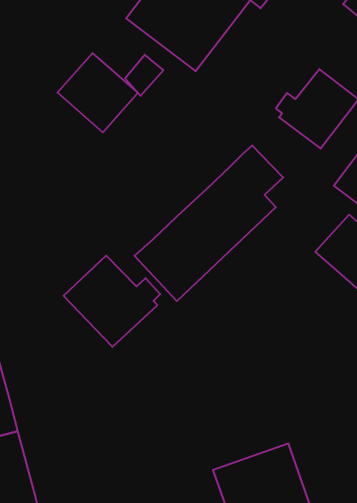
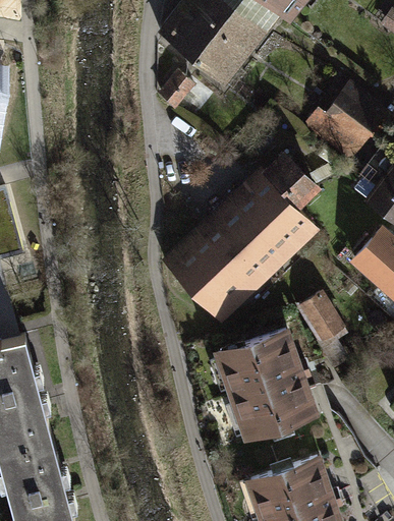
building: [57,53,138,132] -> none
building: [64,256,160,347] -> none
building: none -> [297,295,341,344]
building: none -> [214,327,322,444]

